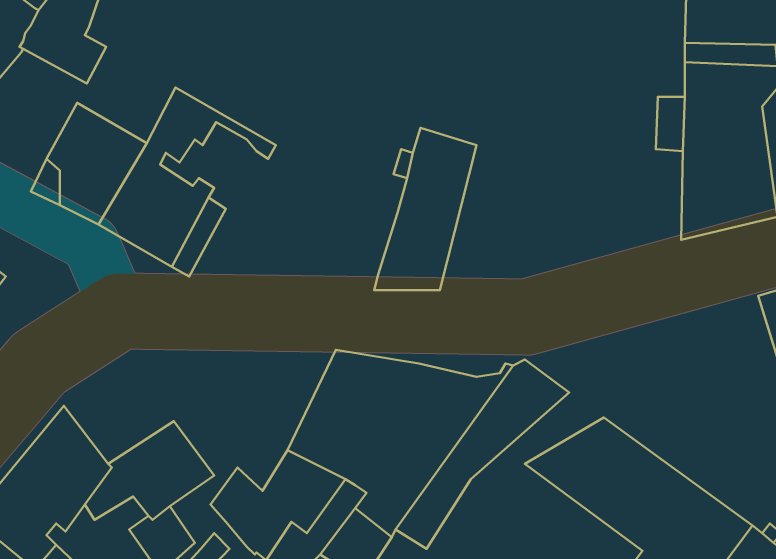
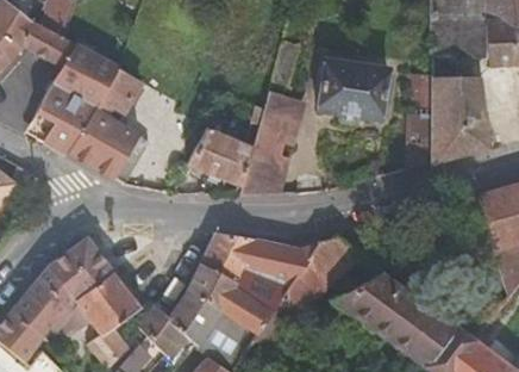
building: none -> [56,43,117,103]
building: none -> [318,62,388,120]
building: none -> [187,128,254,184]
building: none -> [48,234,115,300]

